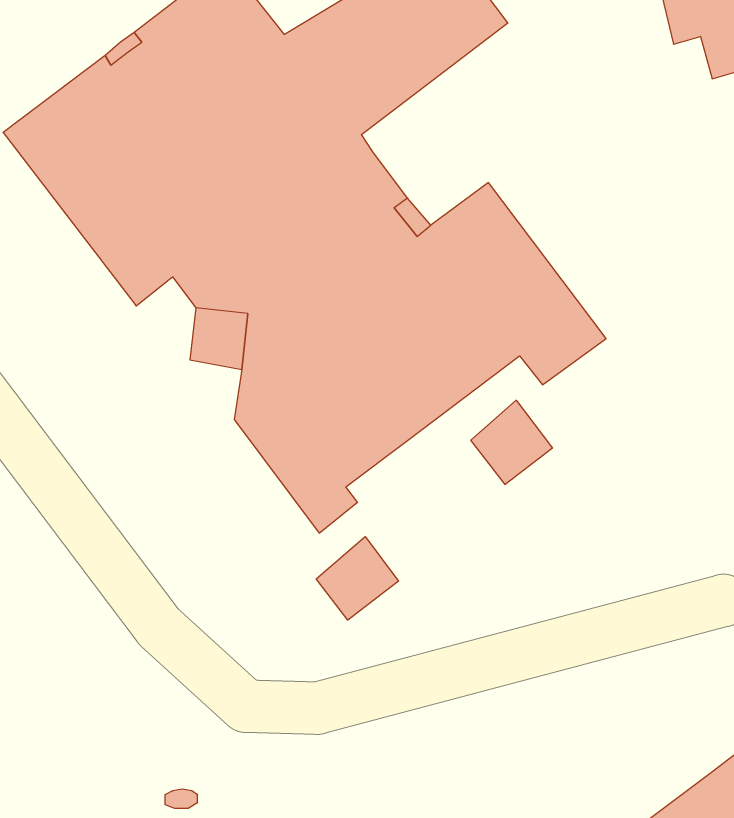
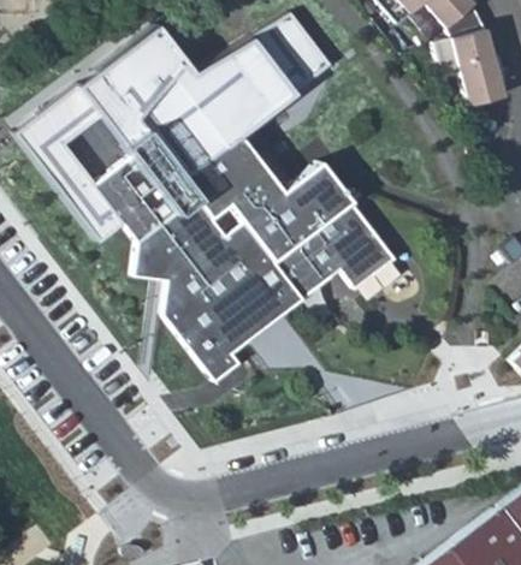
building: [471,400,552,485] -> none
building: [316,537,399,620] -> none

